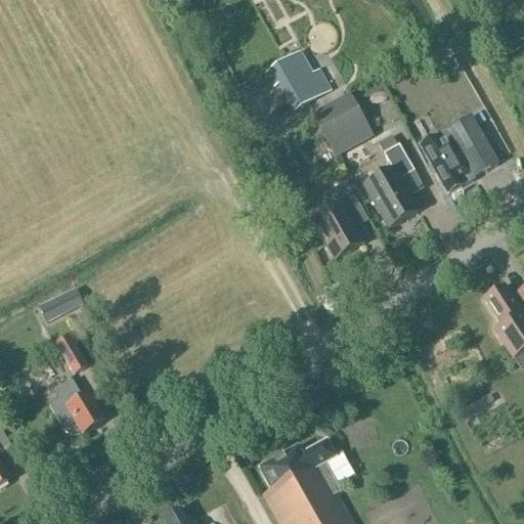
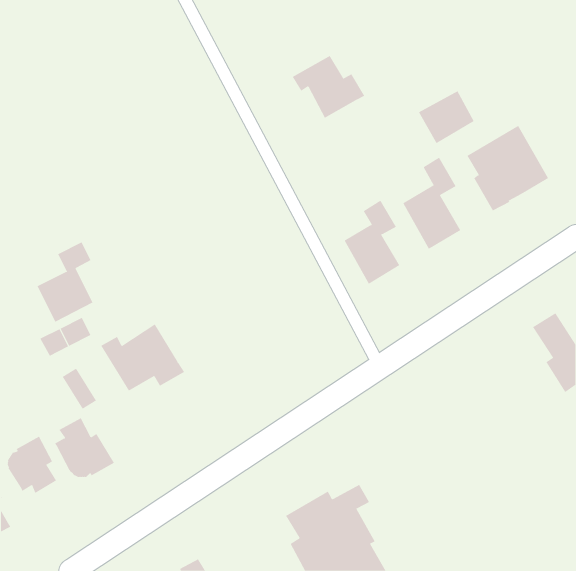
building: [317,99,368,147] -> [418,91,475,144]
building: none -> [37,241,93,322]
building: none -> [101,324,185,391]
building: none -> [7,436,57,494]

